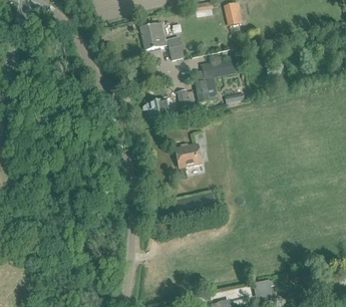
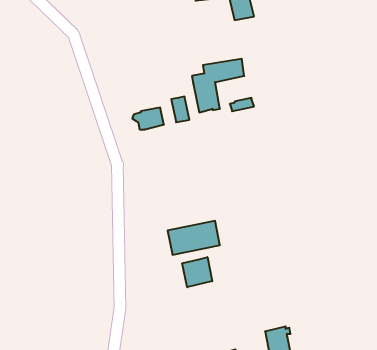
building: [140,21,185,60] -> none
building: [176,143,201,166] -> none
building: none -> [182,257,212,287]

